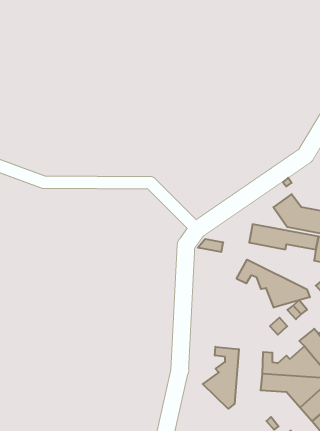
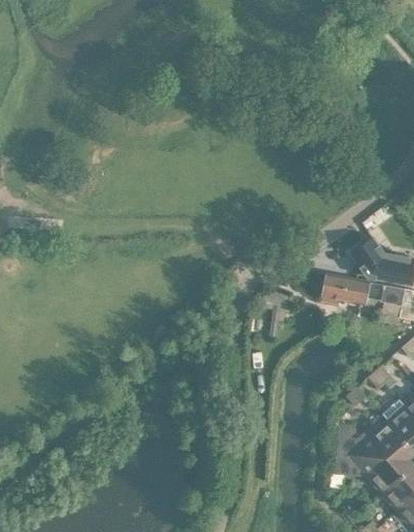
building: [237,260,310,308] -> none
building: [203,347,239,409] -> none

